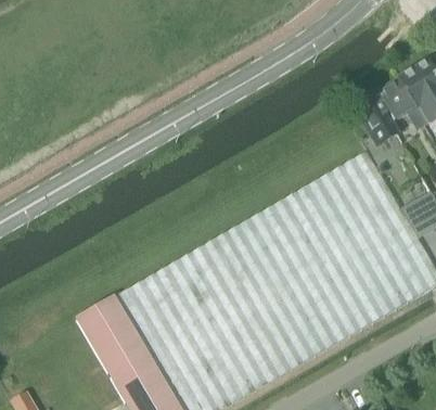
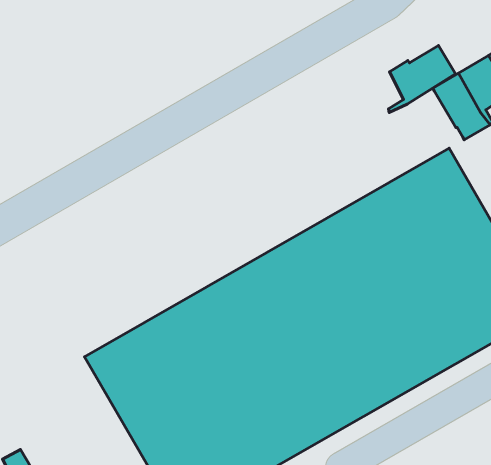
building: none -> [389,46,455,112]

